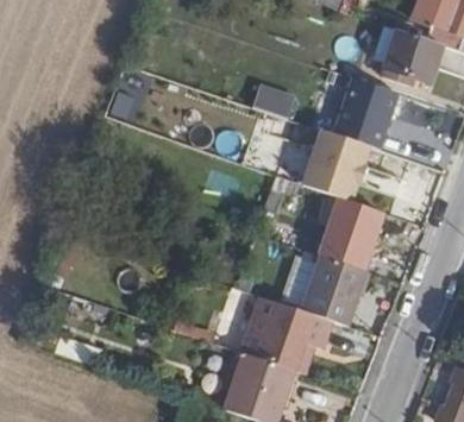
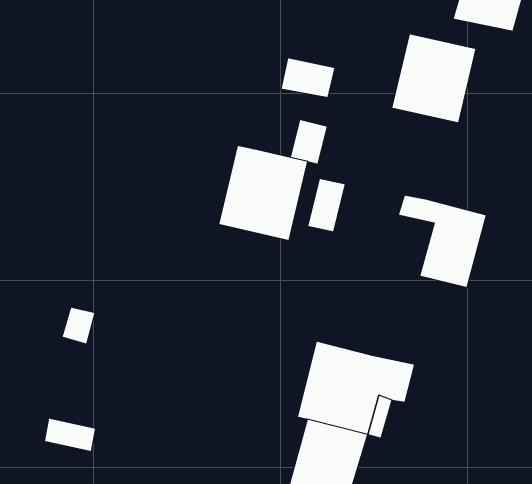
building: [301,125,371,199] -> [219,146,308,240]
building: [301,253,368,326] -> none

